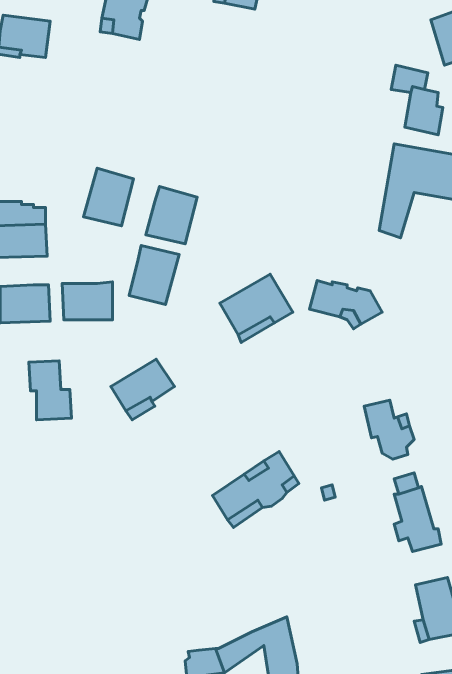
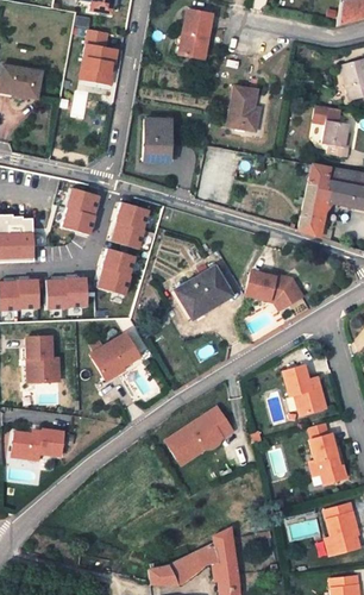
building: none -> [227,88,259,126]
building: none -> [145,114,172,157]
building: none -> [10,430,62,457]

